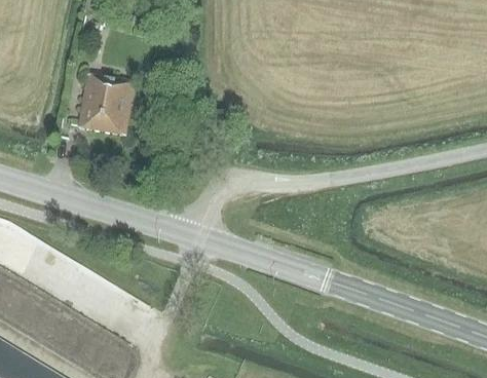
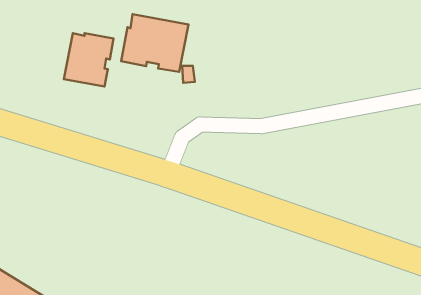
building: none -> [121,14,189,72]

